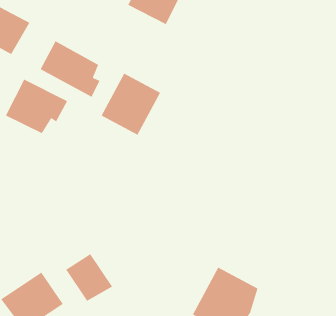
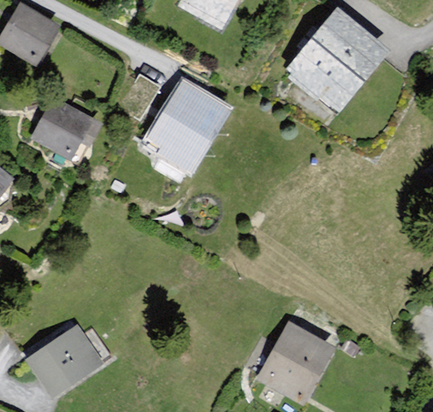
building: none -> [289,8,393,119]
building: [40,40,100,98] -> none
building: [65,253,113,302] -> none

